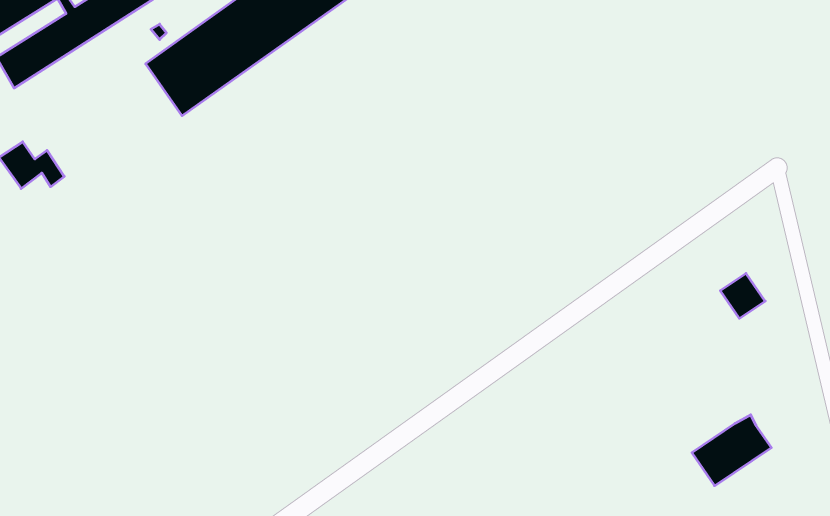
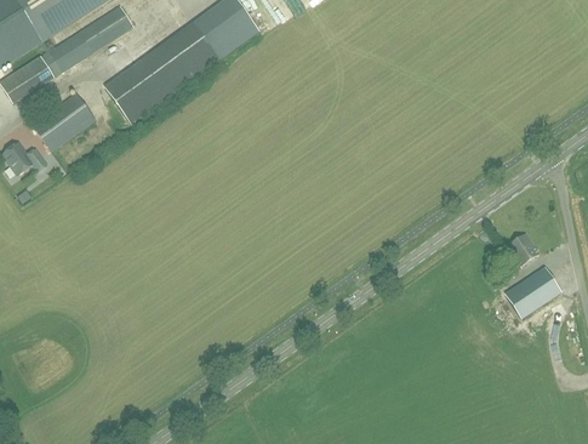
building: none -> [32,91,95,149]
building: [692,415,771,486] -> [504,267,560,317]

